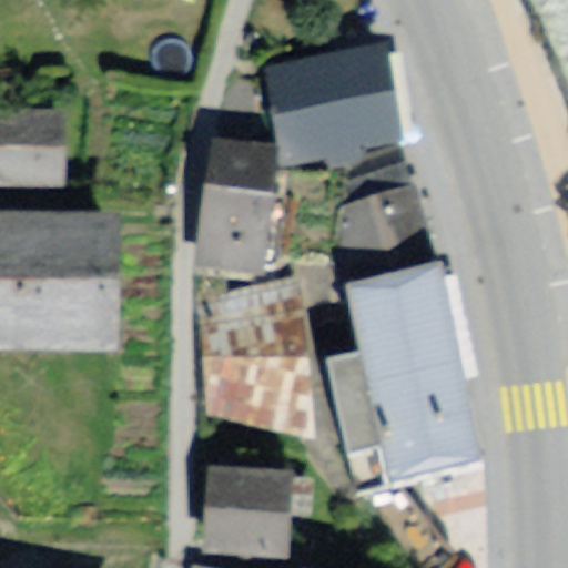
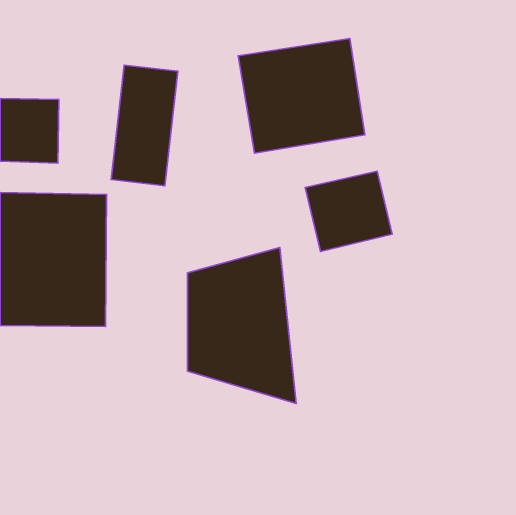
building: [201,141,274,273] -> [111,65,178,186]
building: [343,273,481,493] -> none
building: [200,475,288,556] -> none

